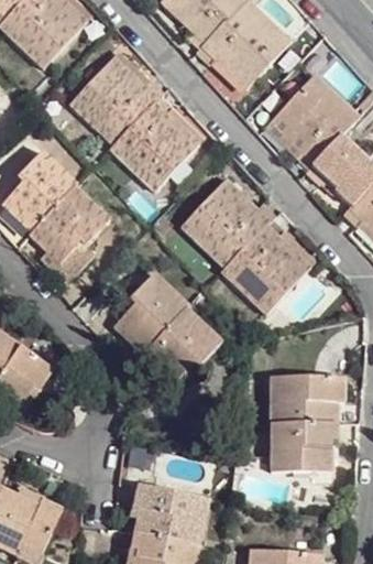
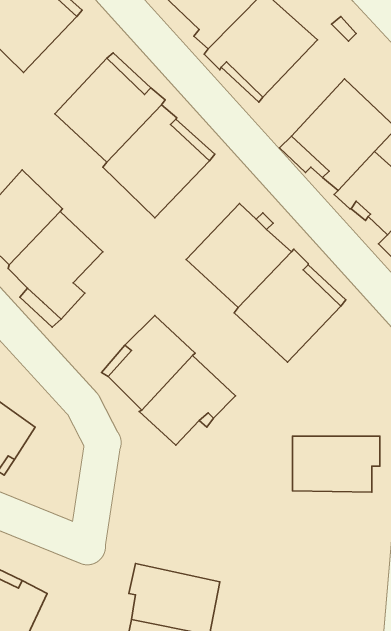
building: [271,422,338,470] -> none

